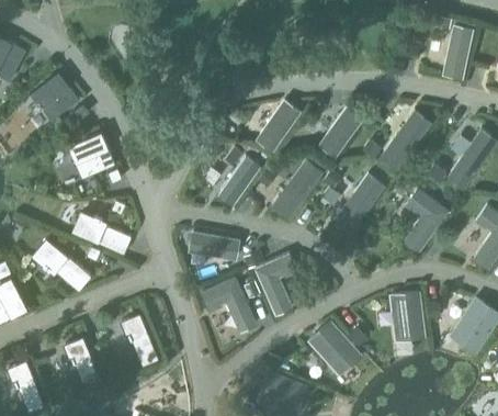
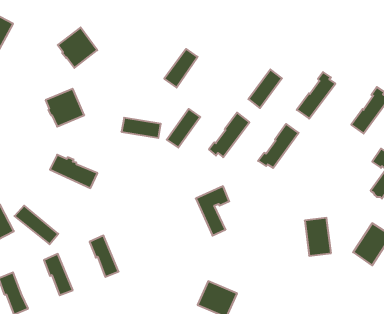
building: [443,27,471,77] -> none
building: [30,71,79,122] -> [58,27,97,68]
building: [257,102,298,150] -> [164,49,198,88]
building: [404,190,448,252] -> none
building: [189,234,238,259] -> [121,118,161,138]
building: [33,243,88,291] -> [14,206,58,244]
building: [201,278,256,331] -> none
building: [309,323,360,374] -> none

